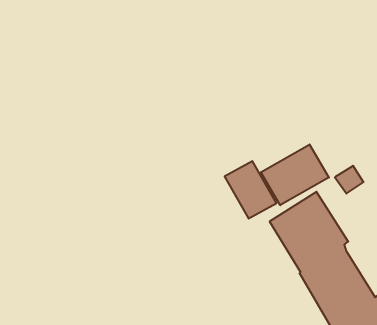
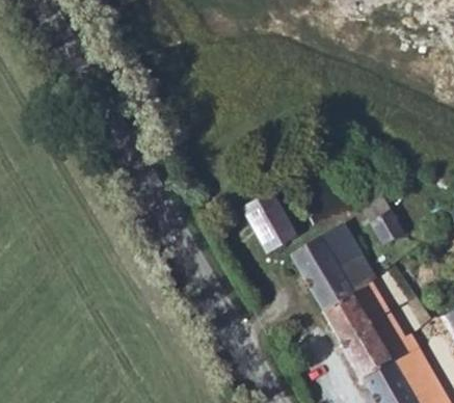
building: [261,144,329,205] -> none

